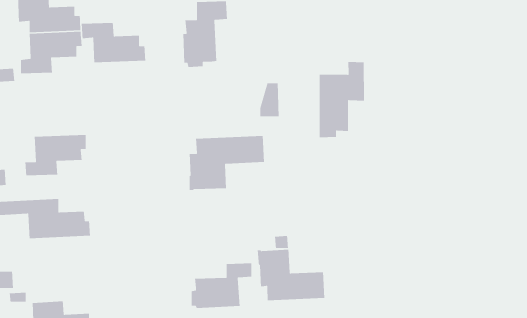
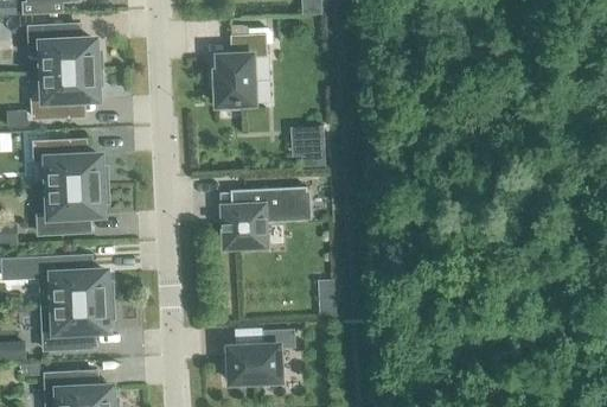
building: [81,22,146,63] -> [34,141,108,187]
building: [319,61,365,138] -> none
building: none -> [43,300,114,349]
building: [257,249,325,301] -> none

